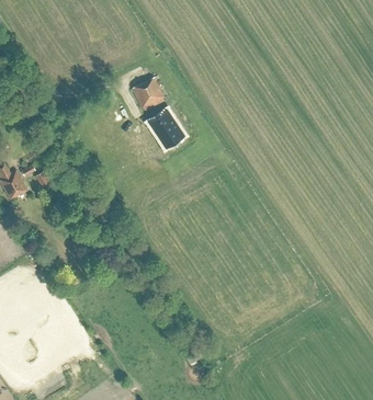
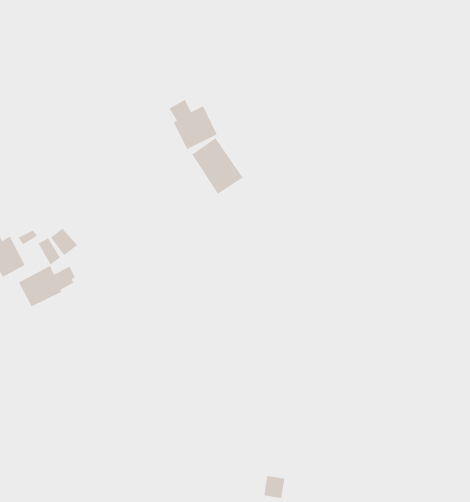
building: none -> [18,265,76,307]

